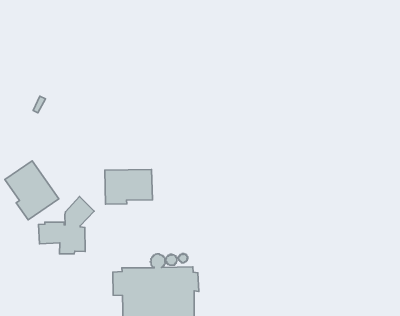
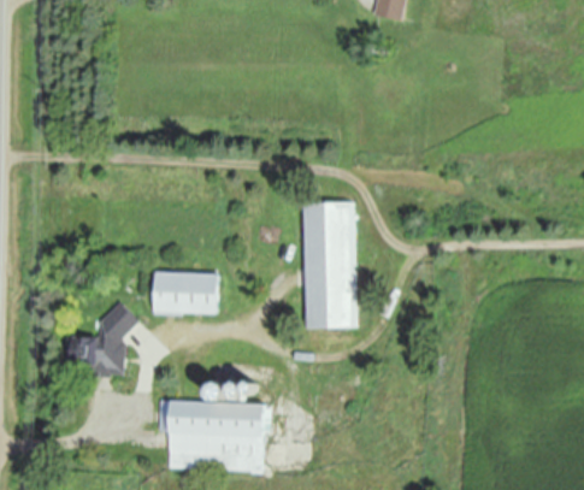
building: none -> [303,200,353,326]
building: [5,161,59,220] -> none

